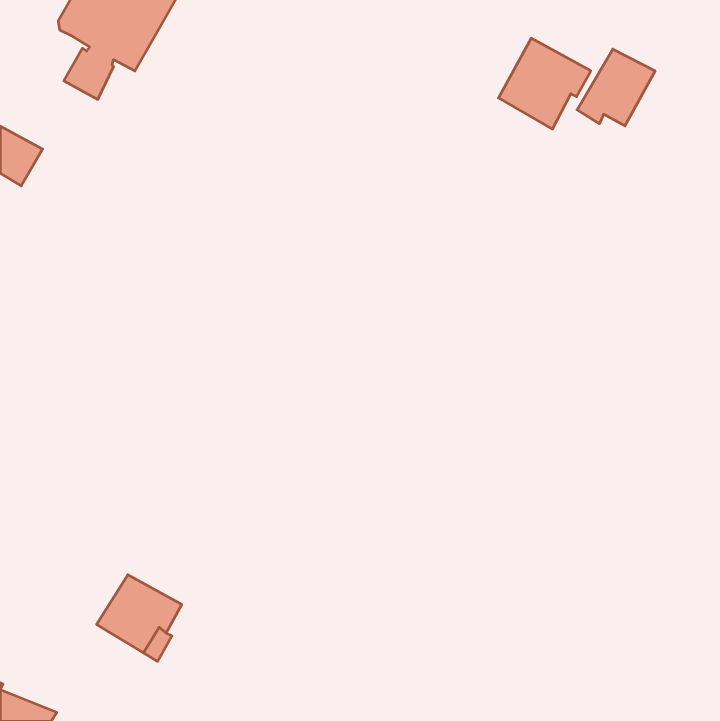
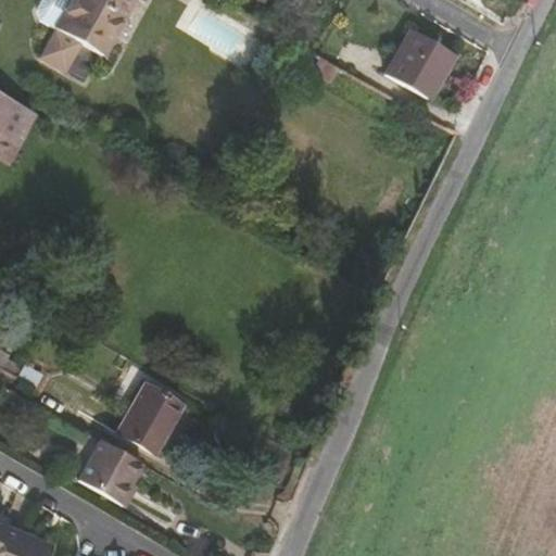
building: [577,49,655,126] -> none
building: none -> [117,380,182,451]

